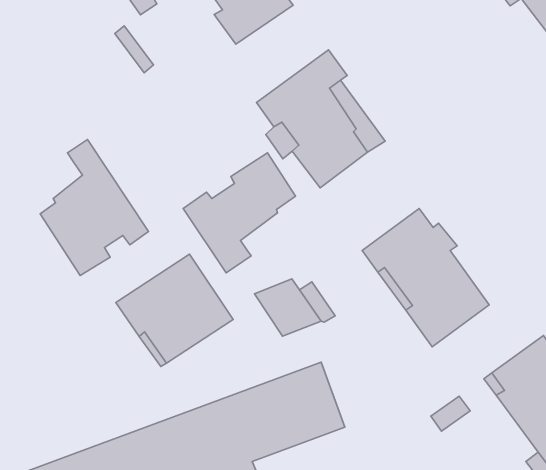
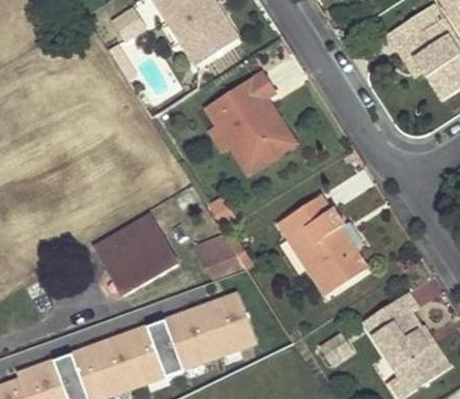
building: [40,139,148,275] -> none
building: [183,153,296,273] -> none

